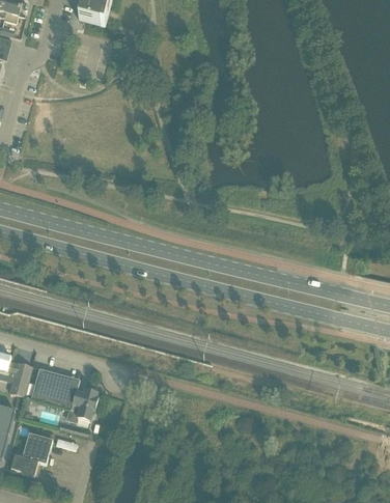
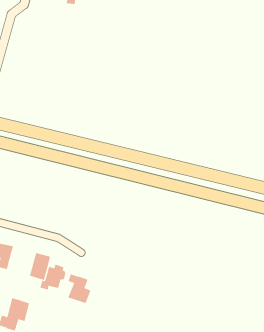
building: [28,366,57,402] -> none
building: none -> [68,274,91,304]

